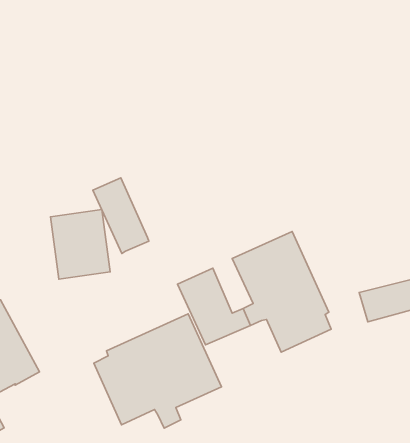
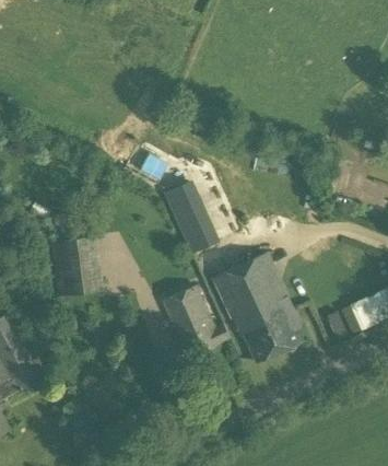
building: [93,178,149,254] -> [165,183,215,251]
building: [94,314,222,428] -> none

